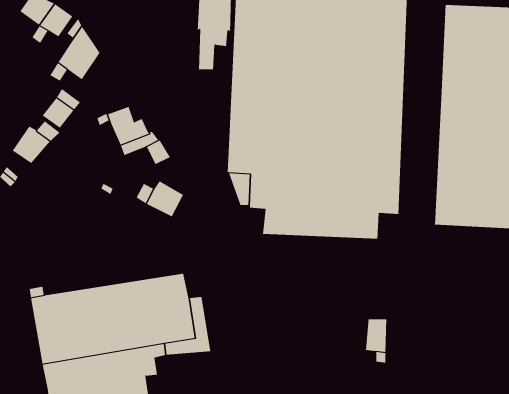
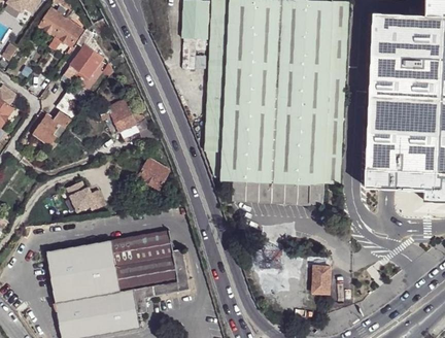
building: none -> [68,180,107,210]

